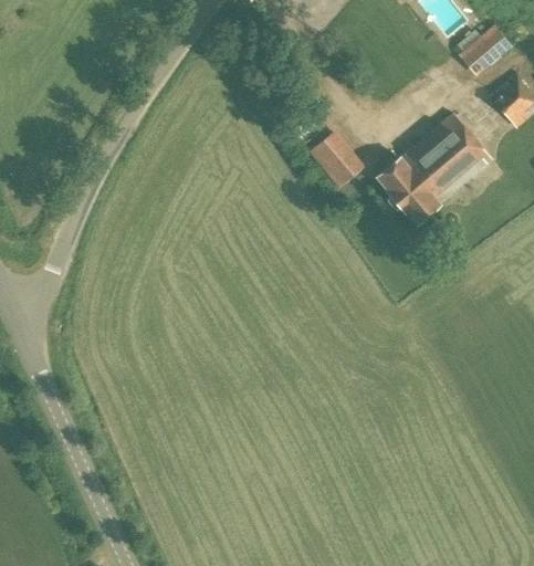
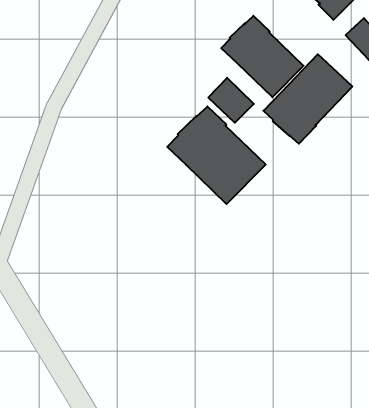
building: none -> [221,16,304,97]
building: none -> [167,106,266,204]

